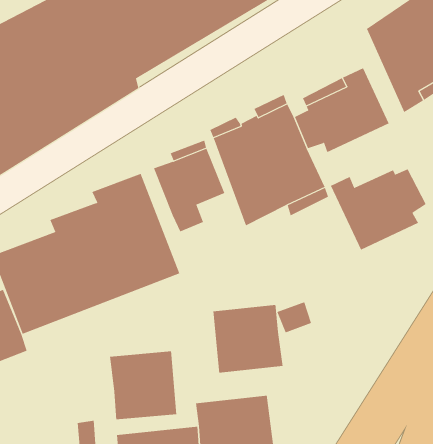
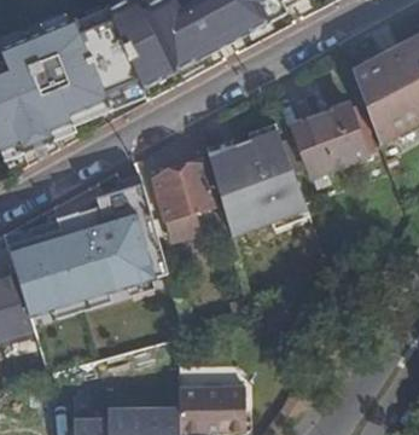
building: [330,168,426,251] -> none
building: [213,304,283,374] -> none
building: [110,350,177,420] -> none

